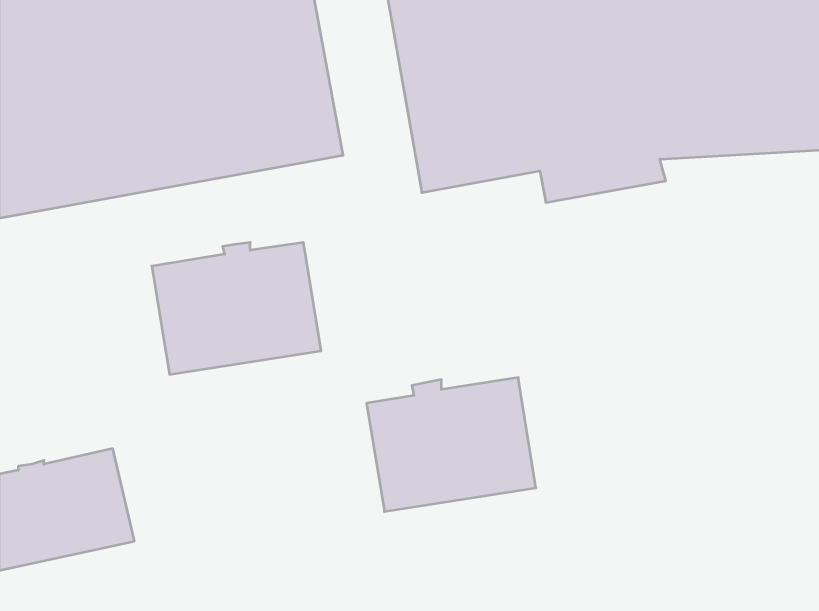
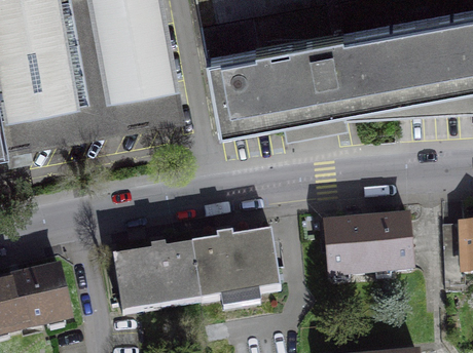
building: [152,242,321,374] -> [113,240,202,309]
building: none -> [325,213,412,270]

